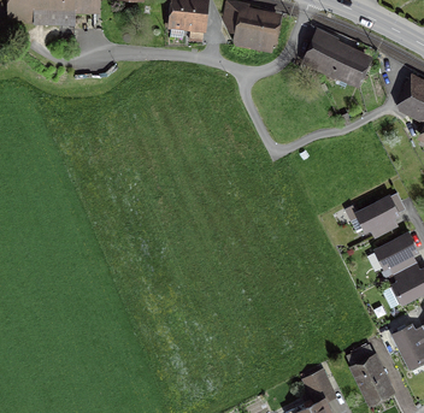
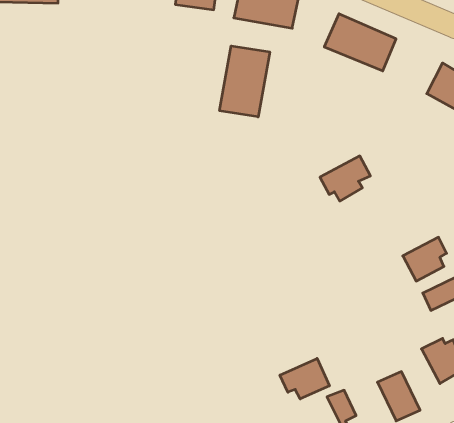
building: none -> [220,46,270,117]
building: [355,195,401,236] -> [320,156,370,201]
building: none -> [280,358,329,399]

